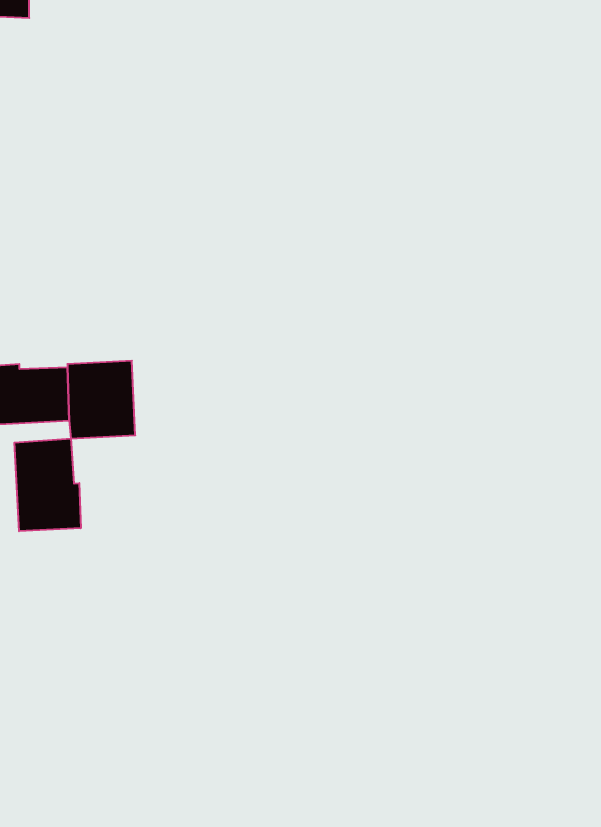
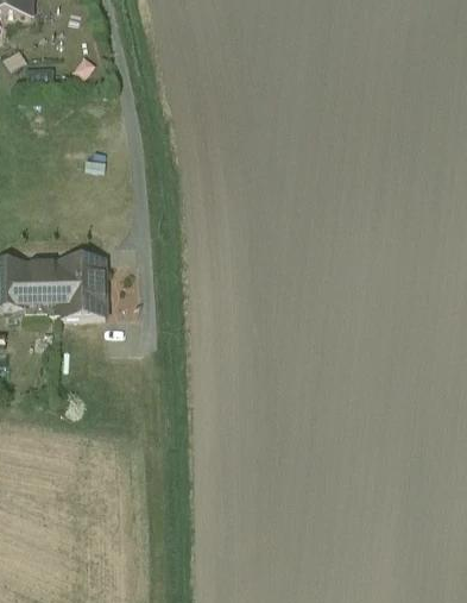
building: [14,439,81,531] -> none

